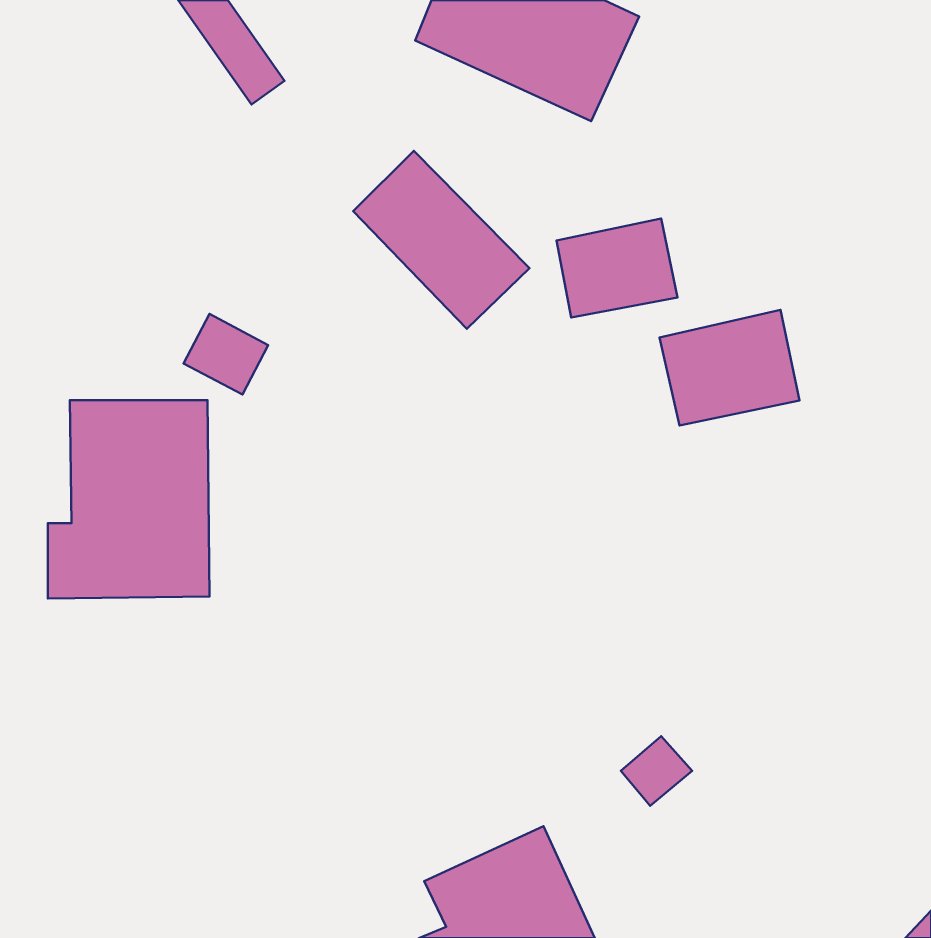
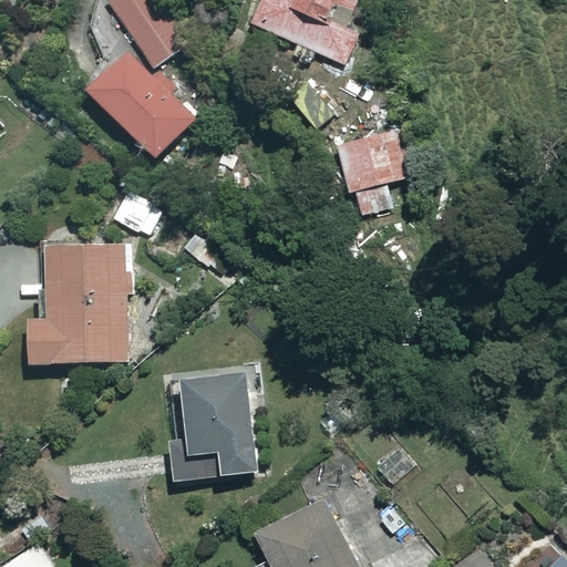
building: [353,151,529,329] -> [89,51,195,158]
building: [659,310,800,425] -> none
building: none -> [181,371,257,472]

